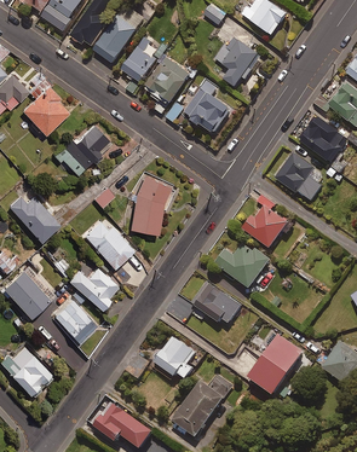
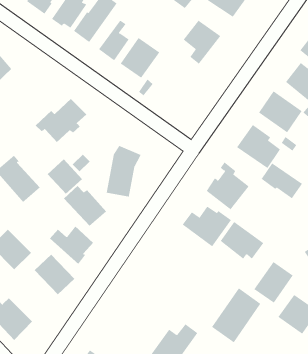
building: [22,77,68,134] -> none
building: [184,81,229,133] -> none
building: none -> [47,158,83,195]
building: none -> [261,163,303,199]
building: [192,282,242,324] -> [220,221,264,259]
building: none -> [254,261,294,304]
building: [155,336,196,379] -> none

